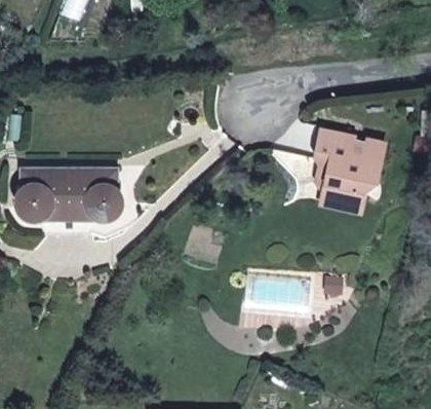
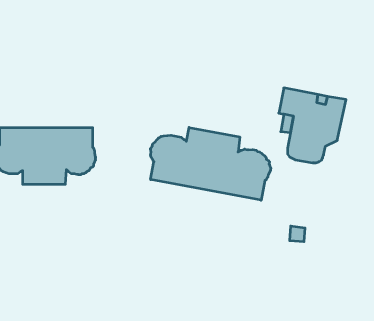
building: none -> [150,127,271,200]

